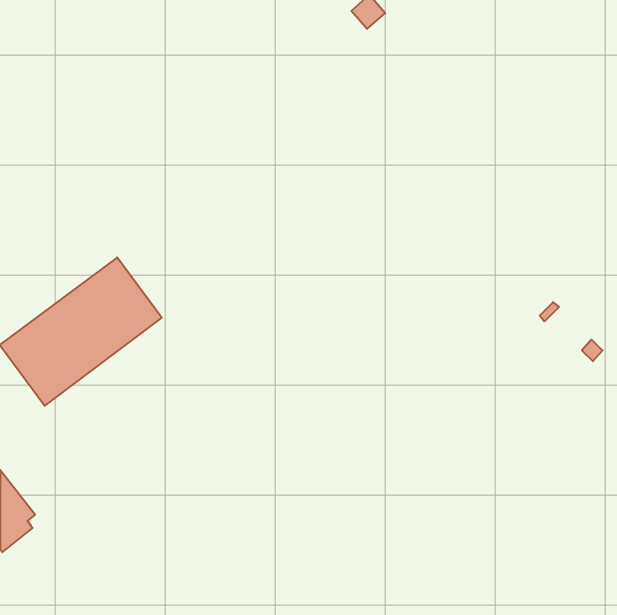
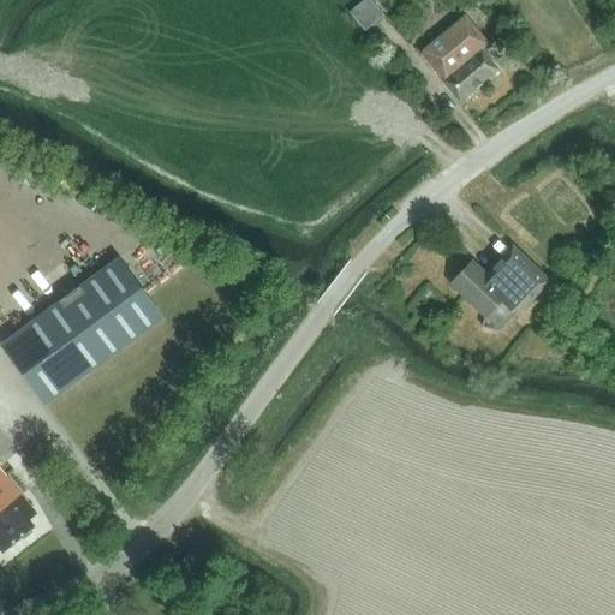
building: none -> [422,14,498,100]
building: none -> [450,243,550,329]

